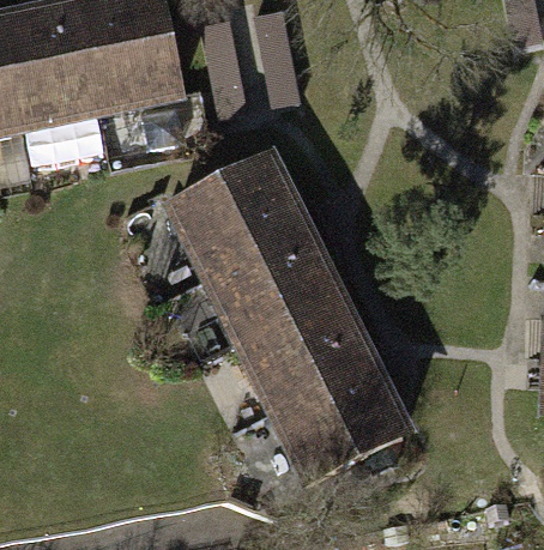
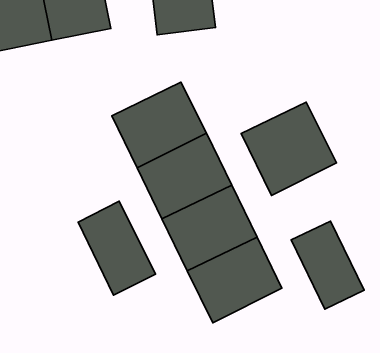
building: none -> [241,102,336,196]
building: none -> [78,201,156,295]
building: none -> [291,221,364,309]

